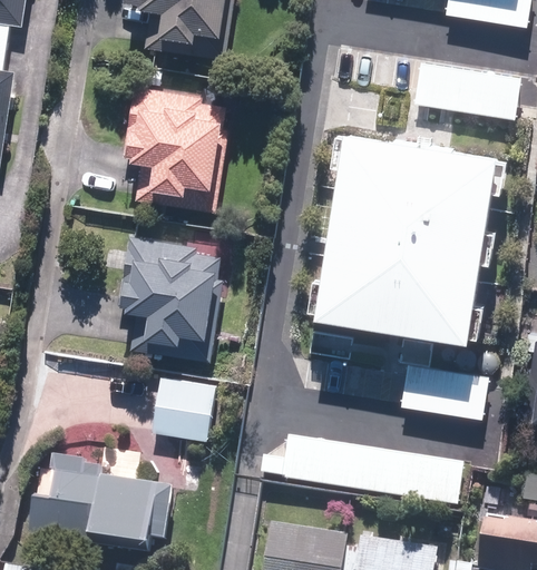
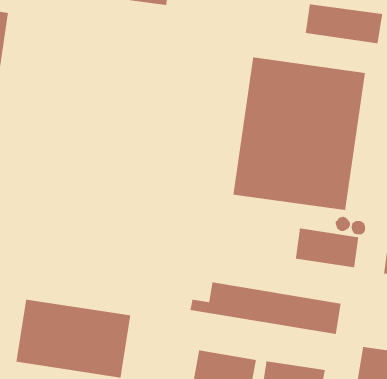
building: [110,85,236,216] -> none
building: [108,237,232,352] -> none
building: [154,381,212,443] -> none

